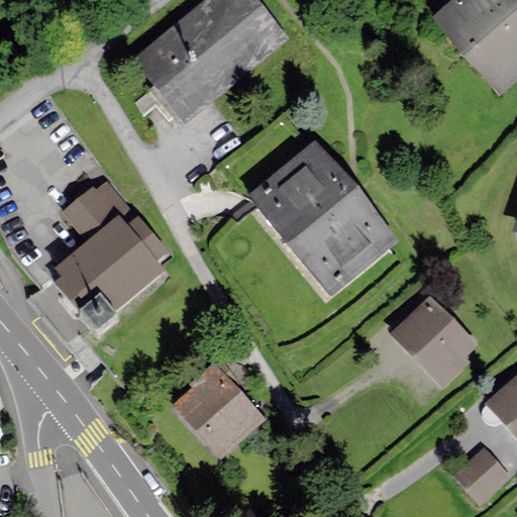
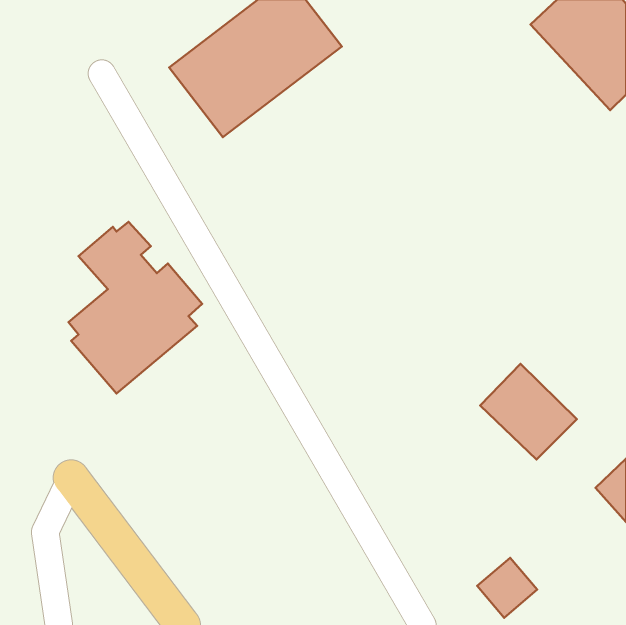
building: [255,146,391,287] -> none
building: [175,366,262,454] -> none
building: [457,451,507,501] -> [477,558,537,618]

